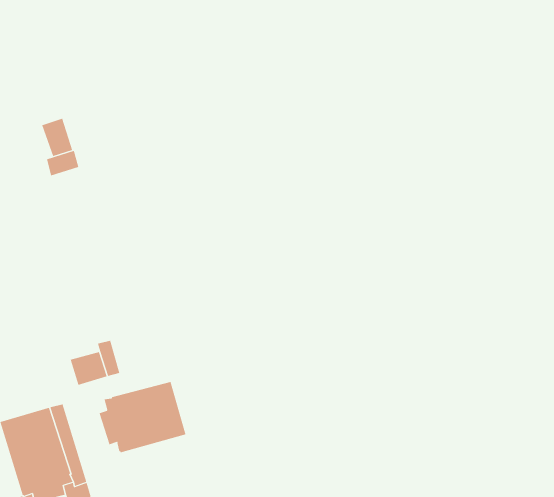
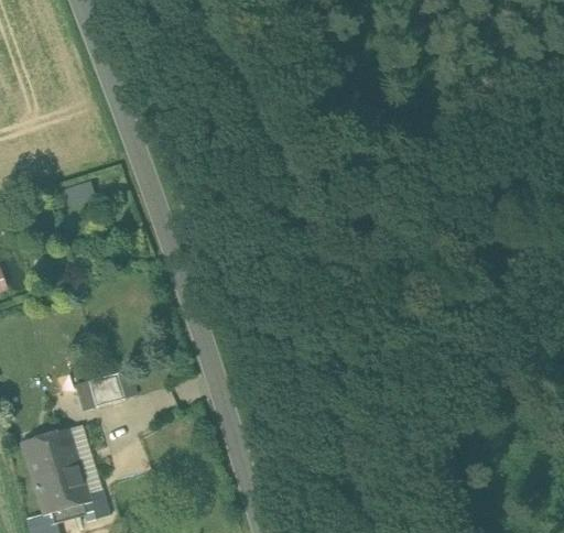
building: [42,118,73,157] -> none
building: [99,381,186,453] -> none

